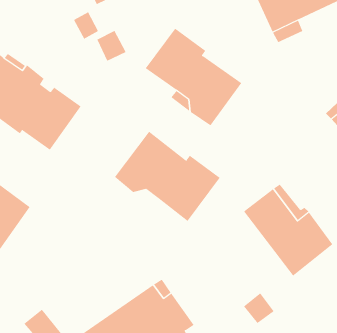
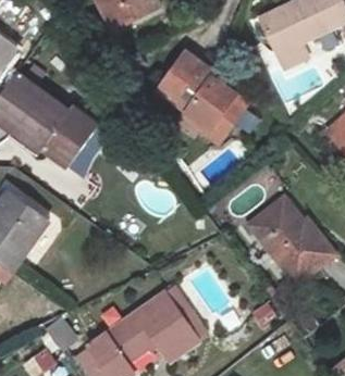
building: [114,131,220,222] -> none

